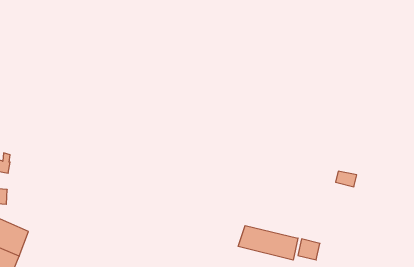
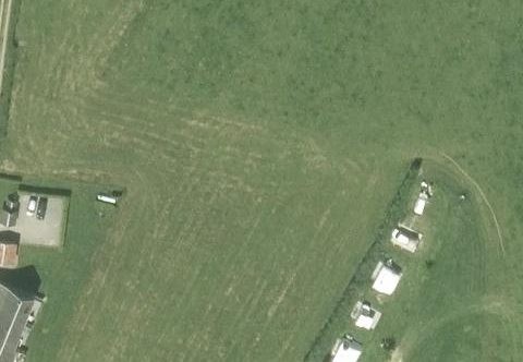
building: [238,226,298,260] -> none

